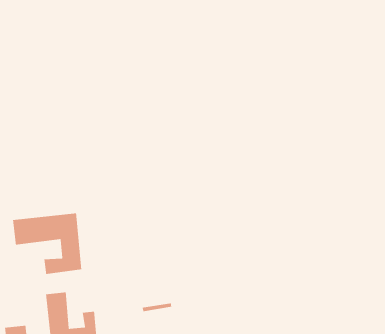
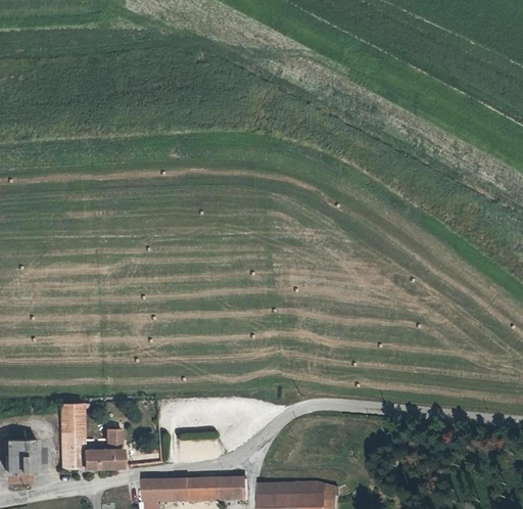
building: [12,212,82,275] -> none

